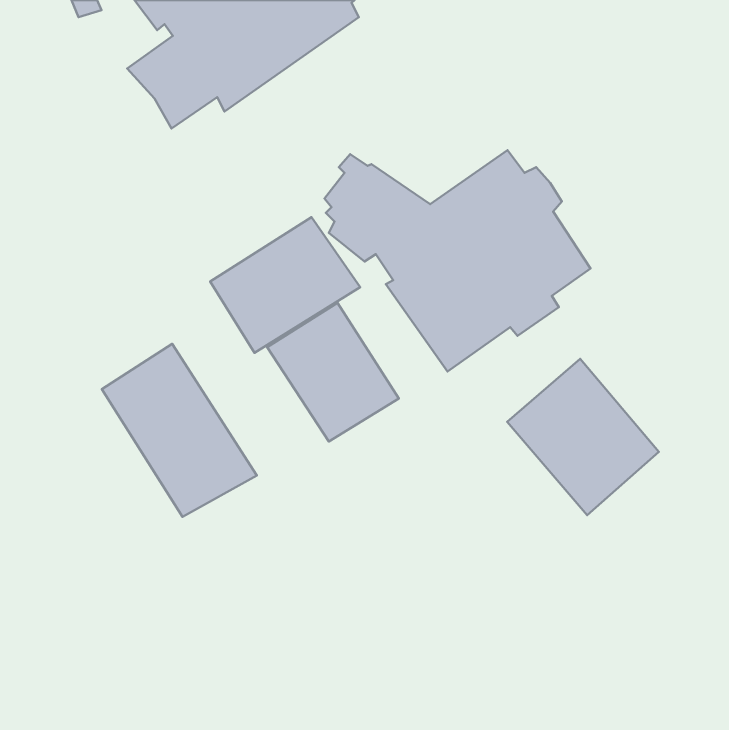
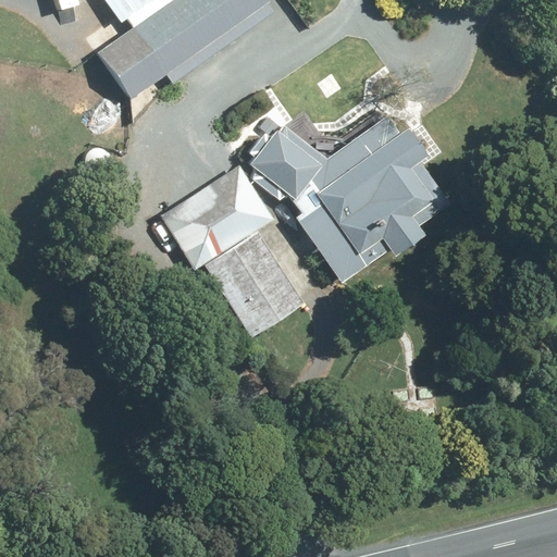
building: [102,344,257,517] -> none
building: [507,359,659,515] -> none

